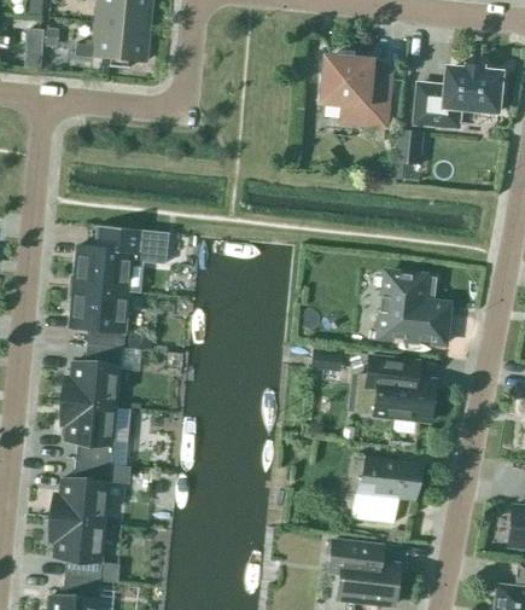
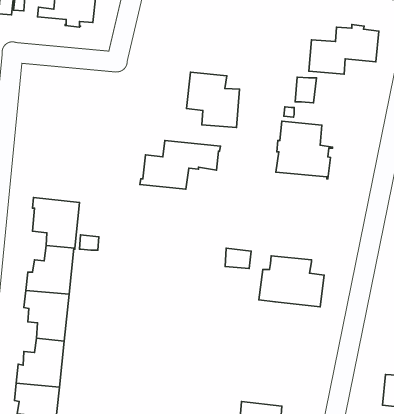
building: [326,57,392,127] -> [187,72,239,128]
building: [70,228,171,290] -> [140,141,220,189]
building: [379,273,450,345] -> [276,121,333,179]
building: [361,457,424,524] -> none

